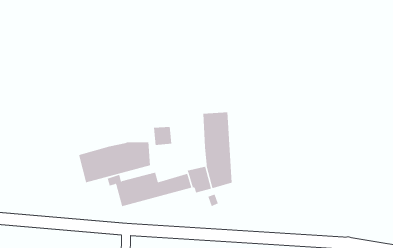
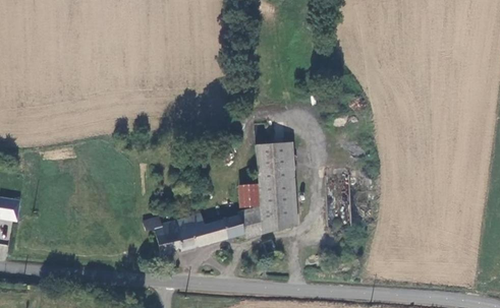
building: [153,127,172,146] -> [241,184,264,206]
building: [78,141,151,183] -> none

